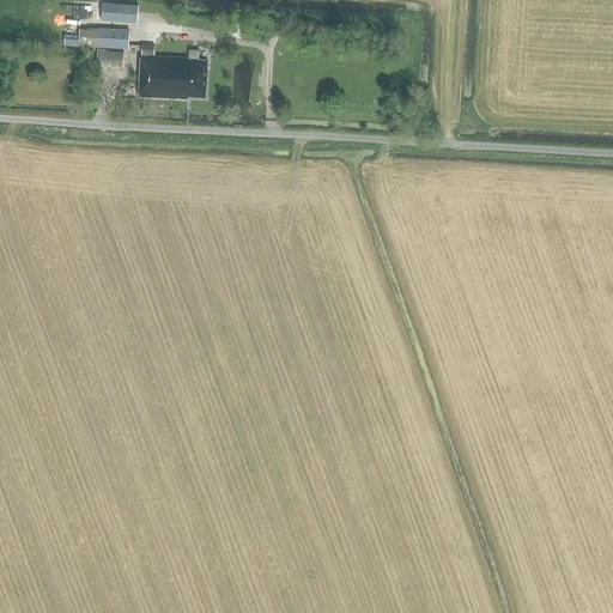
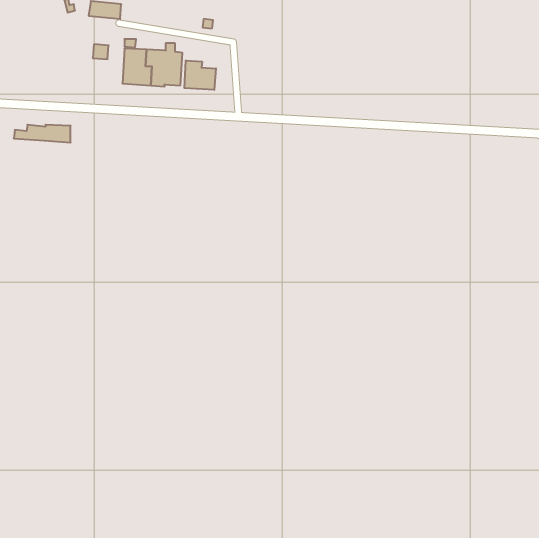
building: [63,28,128,48] -> [14,125,71,143]
building: none -> [184,60,216,90]

